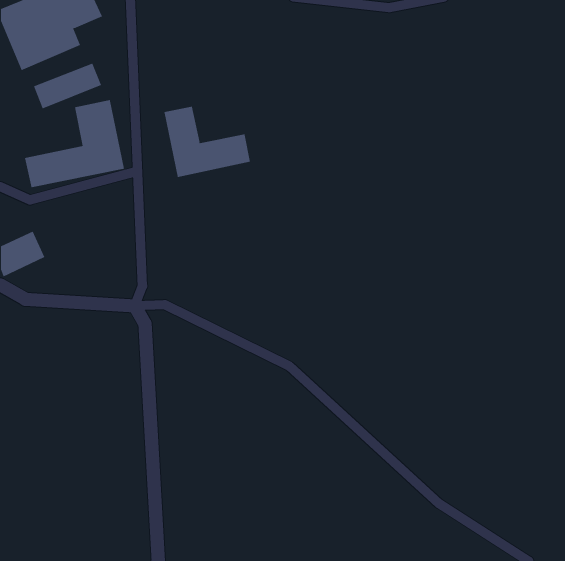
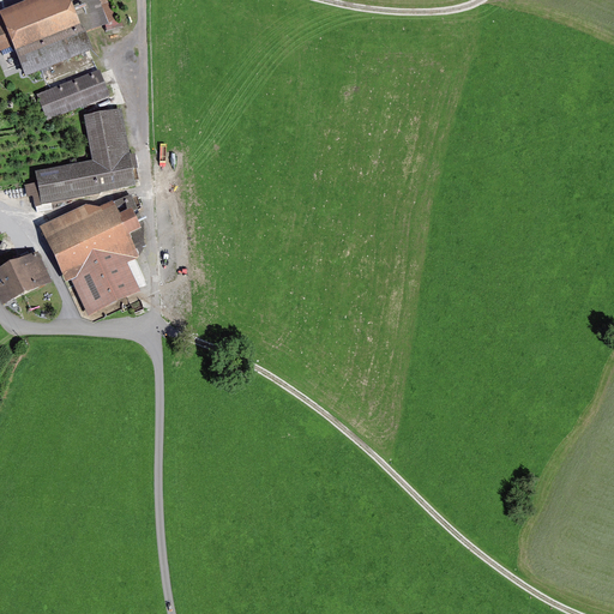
building: [164,106,250,178] -> none
building: none -> [37,200,137,309]

